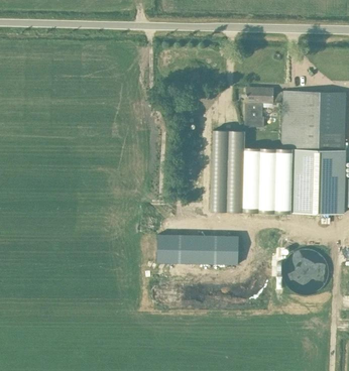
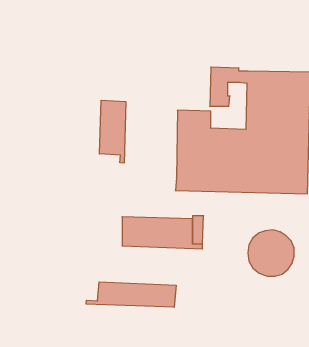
building: none -> [99,100,126,163]
building: none -> [86,282,176,307]

